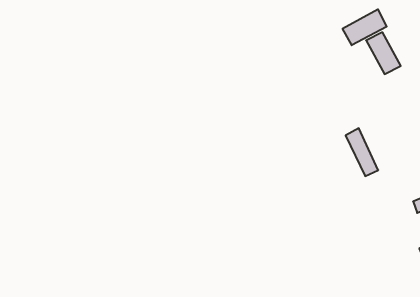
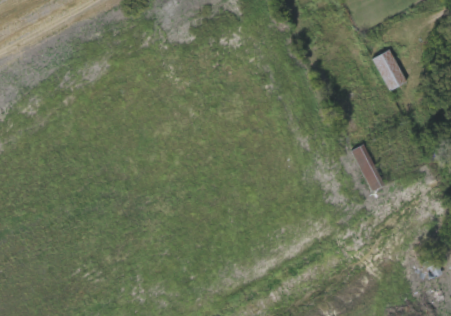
building: [343,9,387,45] -> none

